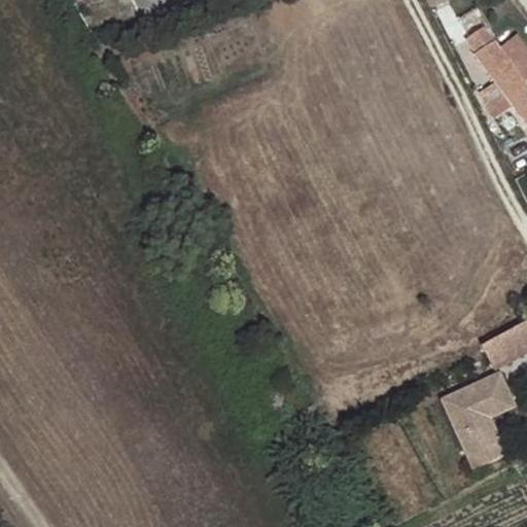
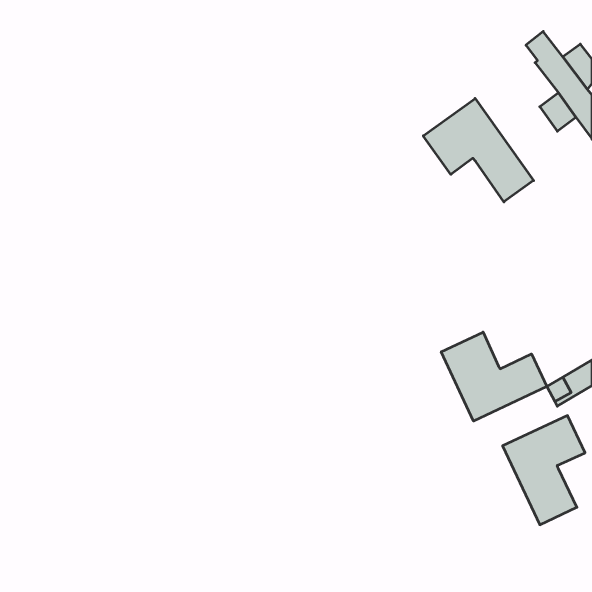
building: none -> [423,98,534,202]
building: none -> [441,332,547,421]

